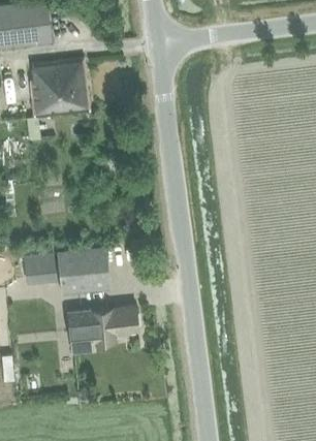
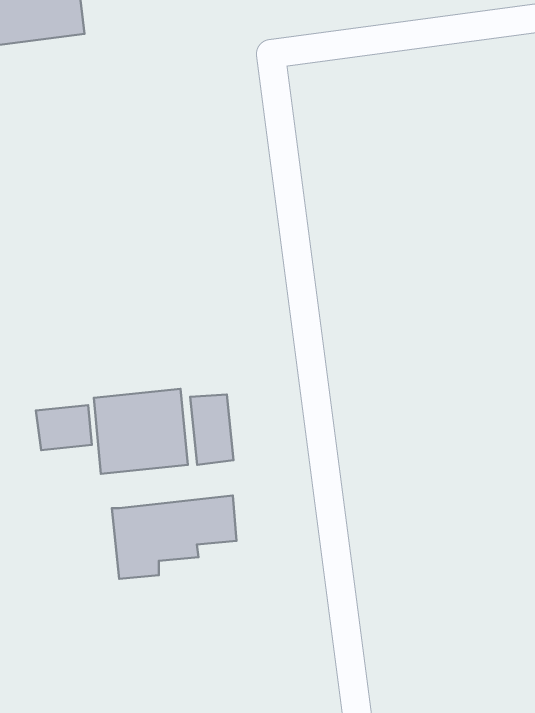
building: [30,59,89,119] -> none
building: none -> [190,395,233,465]

